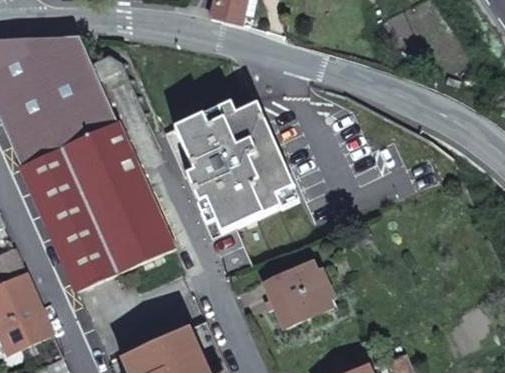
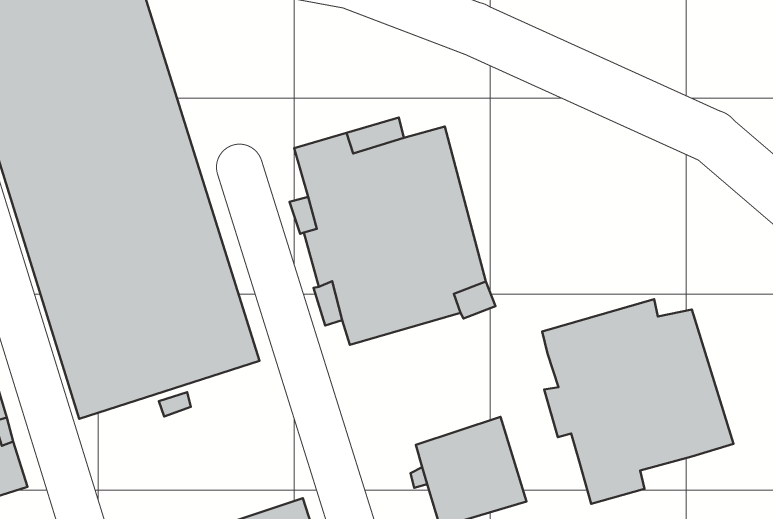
building: none -> [542,299,733,504]

